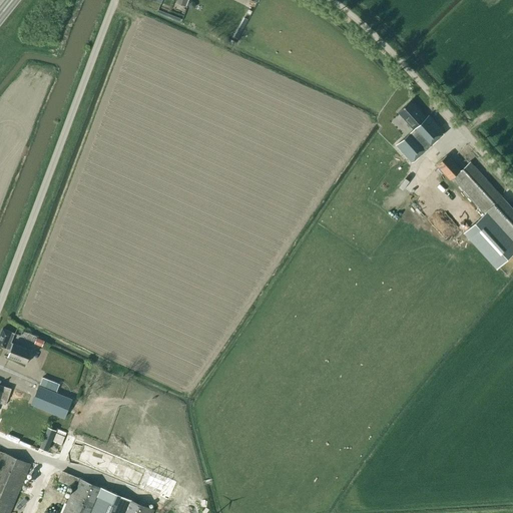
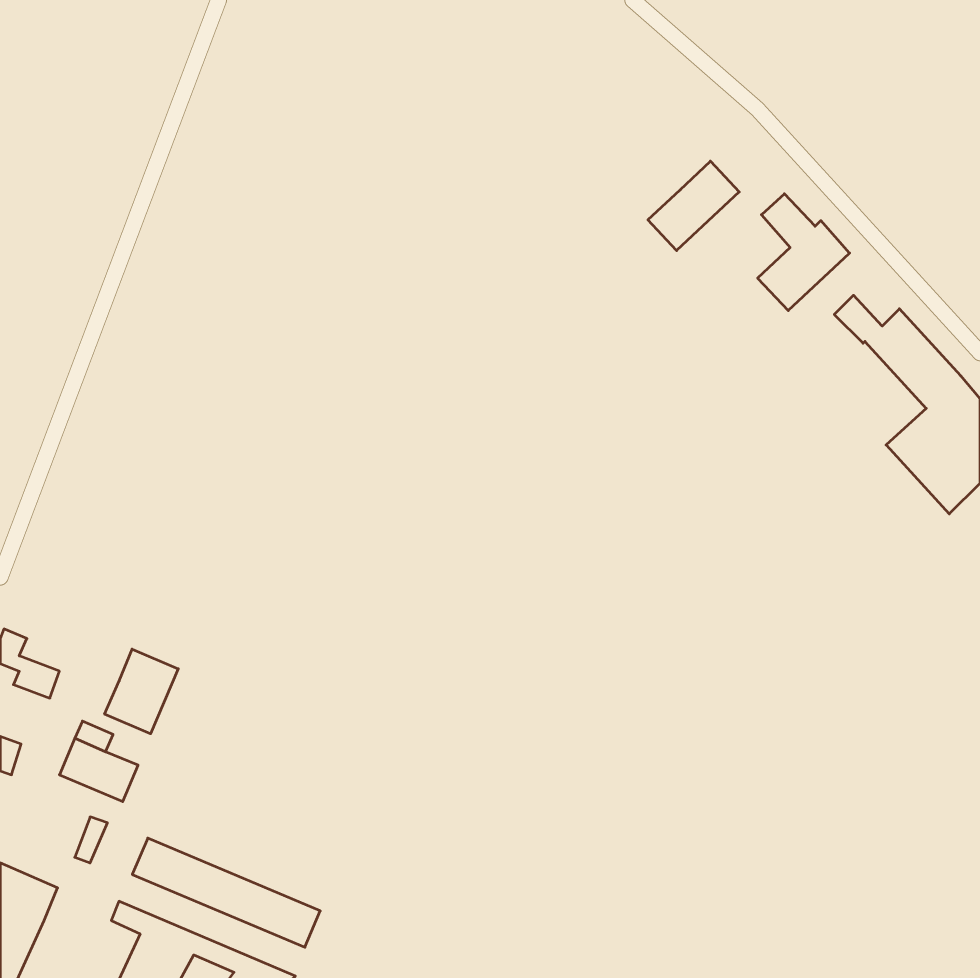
building: none -> [648,161,739,251]
building: none -> [105,649,178,734]

